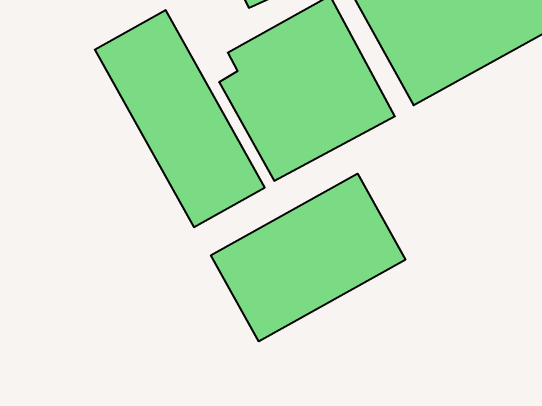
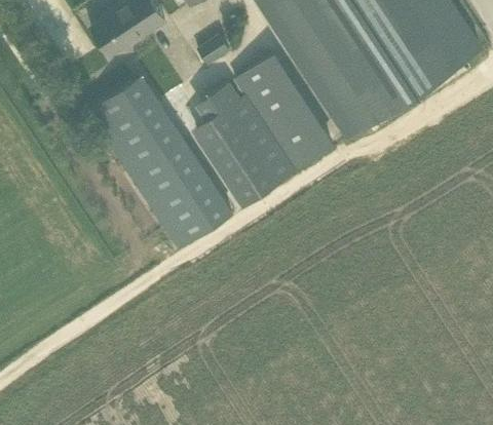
building: [211,174,405,341] -> none

